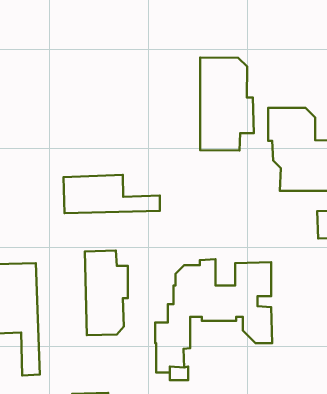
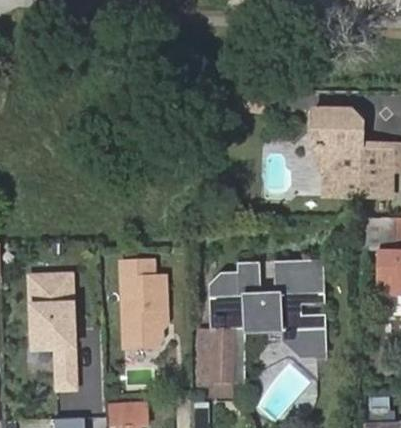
building: [200,58,254,151] -> none
building: [63,175,160,213] -> none

